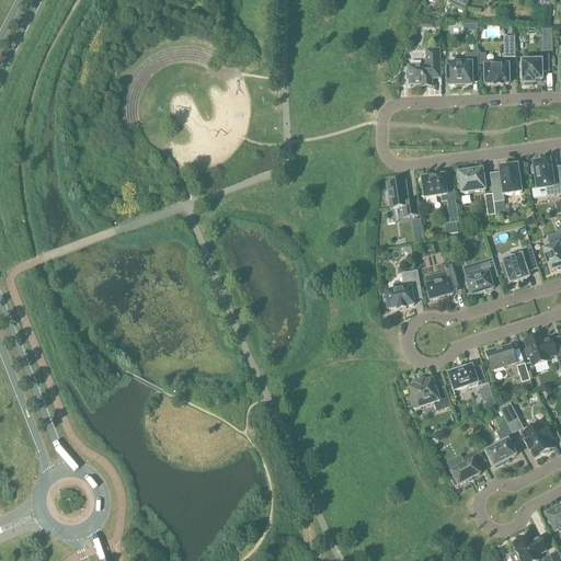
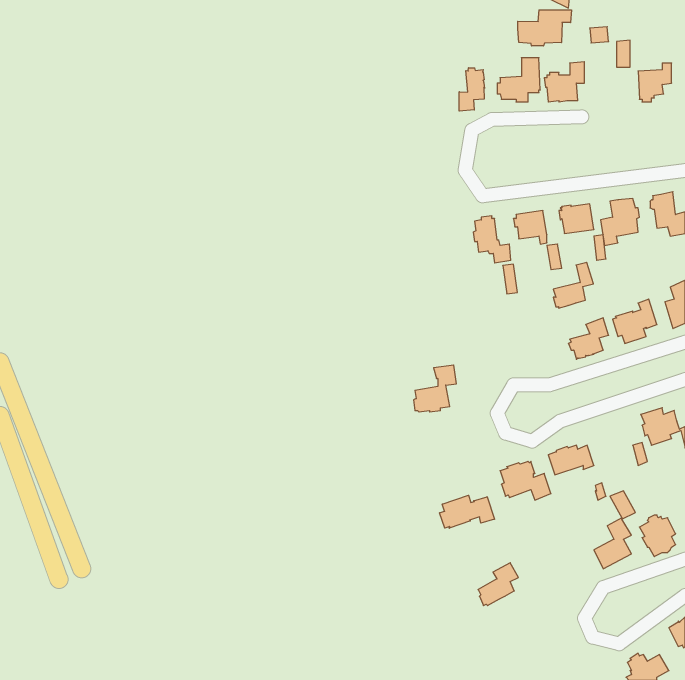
building: none -> [518,10,571,46]
building: none -> [459,68,484,111]
building: [483,60,508,83] -> none
building: [426,261,459,298] -> [553,262,593,308]
building: [385,268,420,307] -> [414,365,456,412]
building: [485,343,516,367] -> none
building: none -> [440,495,495,528]
building: [450,448,483,483] -> [478,563,518,606]

